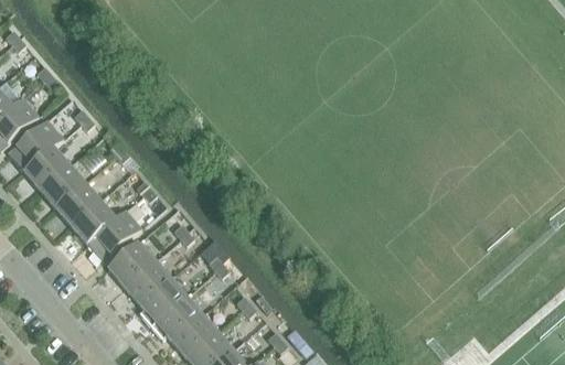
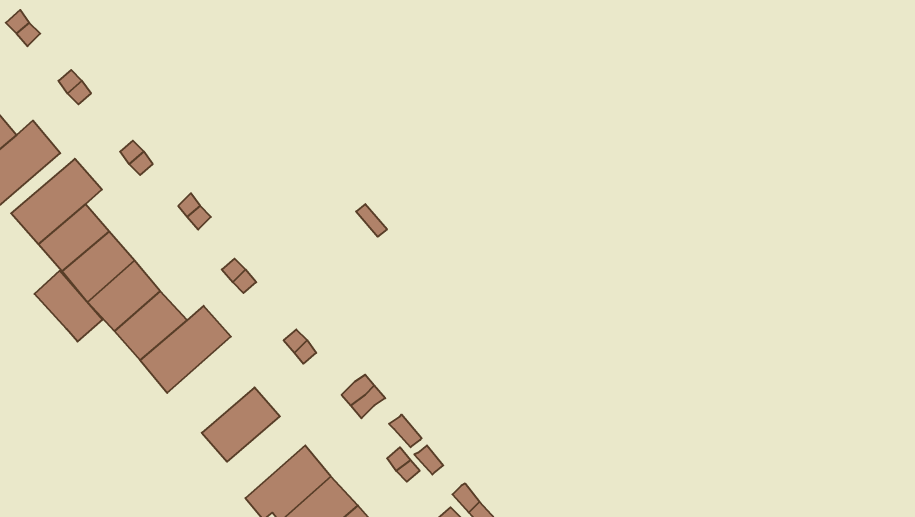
building: none -> [34,271,103,342]
building: [108,240,156,287] -> none
building: [139,277,186,326] -> none

